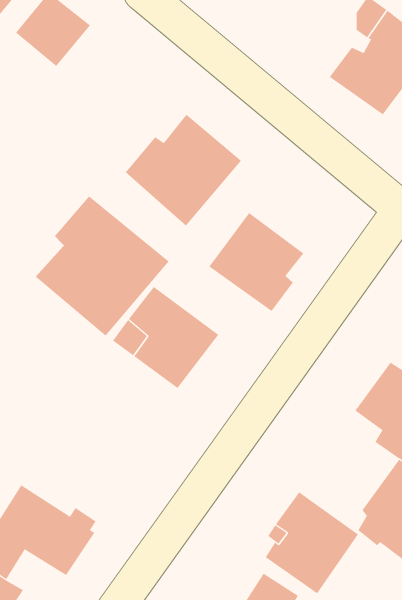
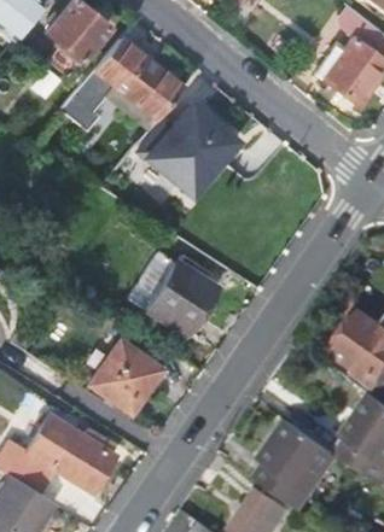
building: none -> [66,37,185,127]
building: [35,195,169,337] -> none
building: [209,212,304,312] -> none
building: none -> [89,345,159,415]

